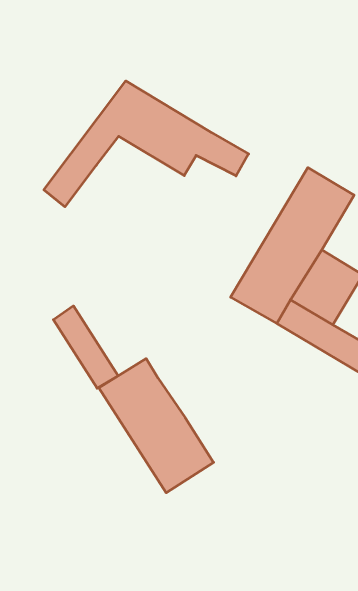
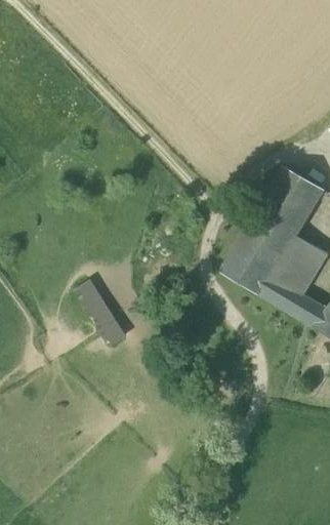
building: [44,81,249,207] -> none
building: [99,359,214,493] -> none

